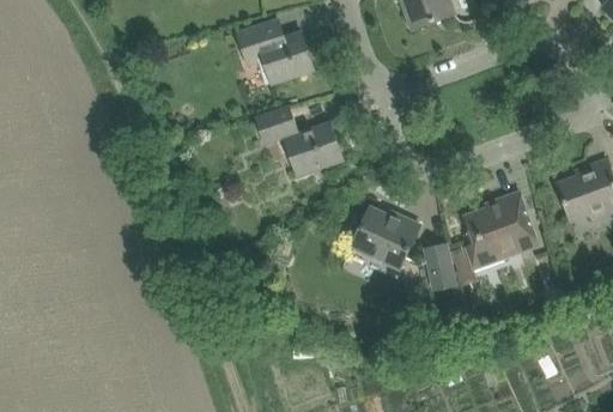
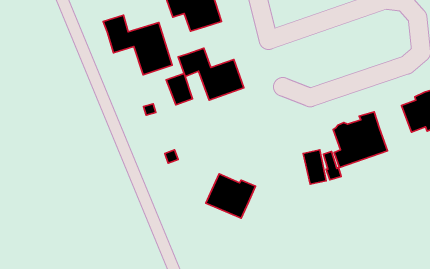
building: none -> [103,15,172,75]
building: none -> [166,73,193,105]
building: [353,208,420,268] -> [206,174,255,218]

